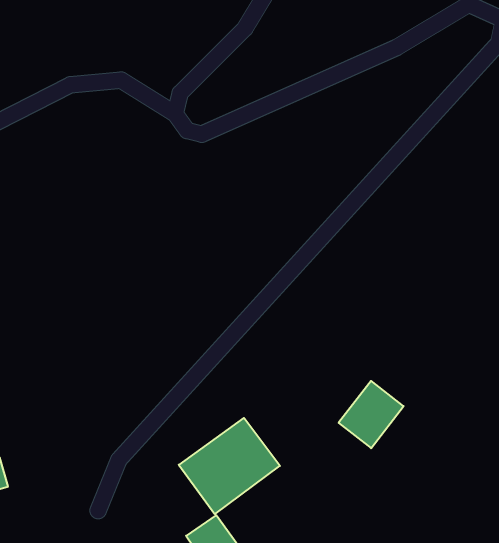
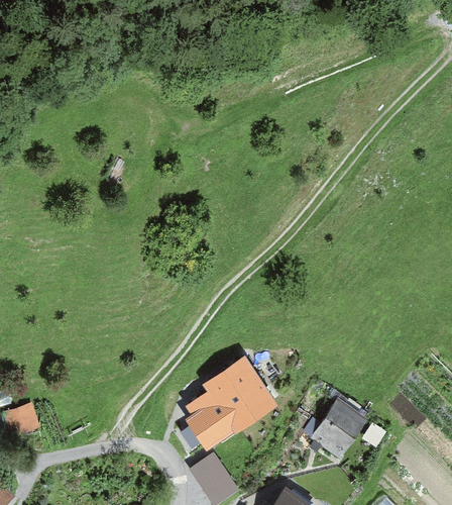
building: [339,381,404,448] -> [313,403,367,460]

